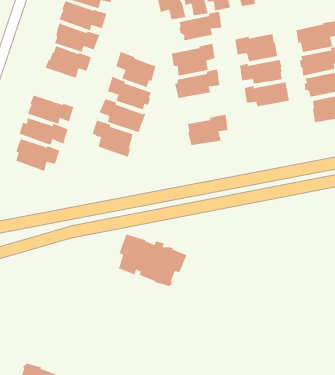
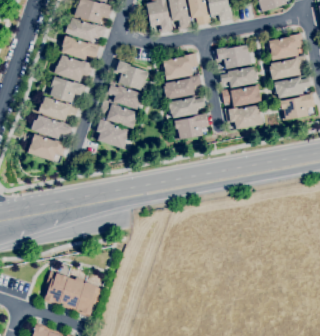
building: [179,11,222,41] -> [168,93,205,118]
building: none -> [49,76,86,103]
building: none -> [225,104,263,129]
building: [118,234,187,287] -> [44,271,103,316]

